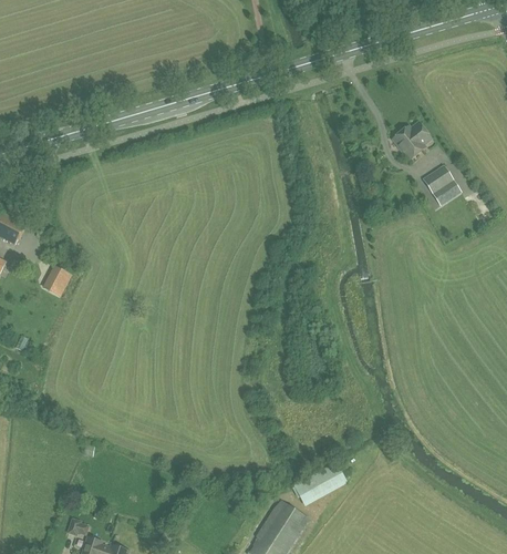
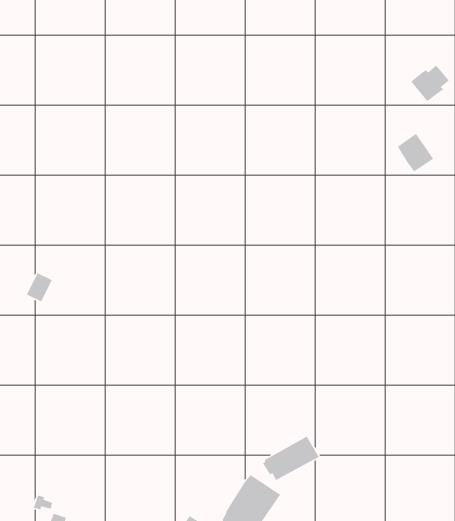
building: [392,123,431,160] -> [410,65,450,102]
building: [43,267,70,297] -> [26,272,53,303]

